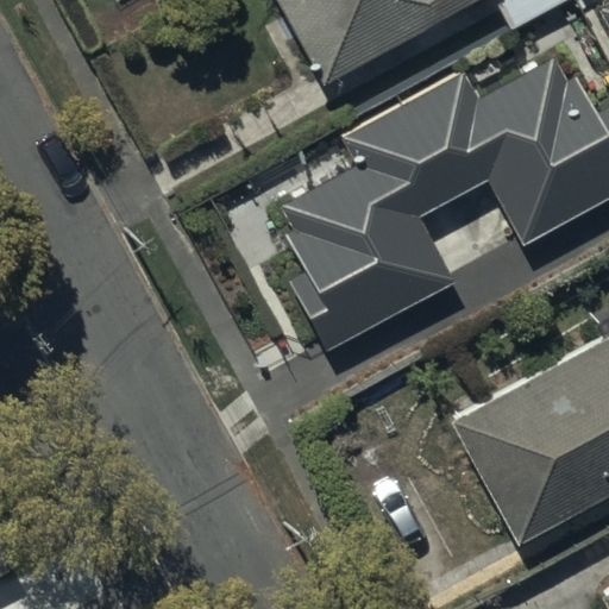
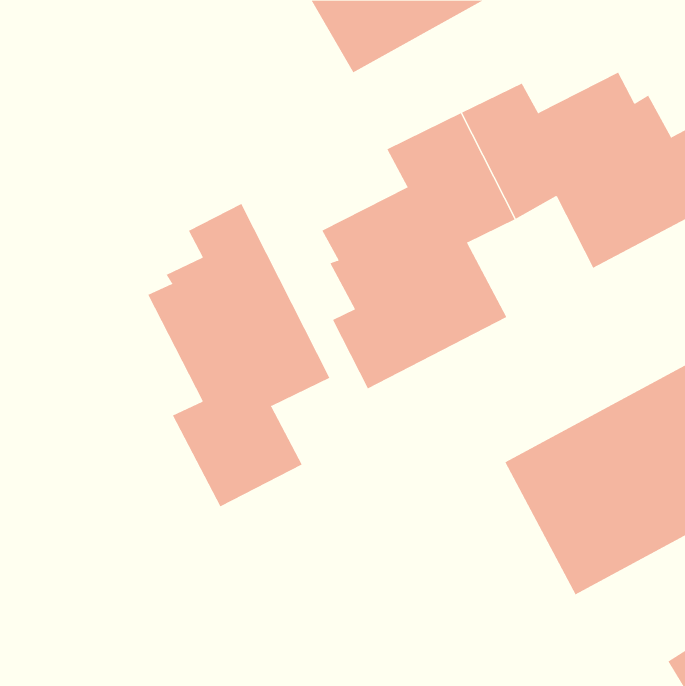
building: none -> [148,203,330,507]

